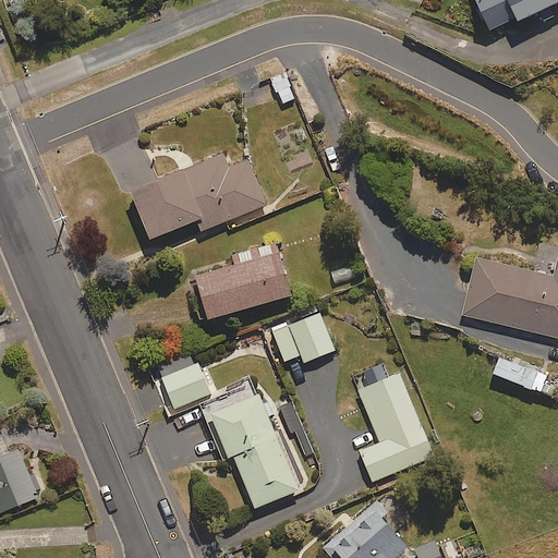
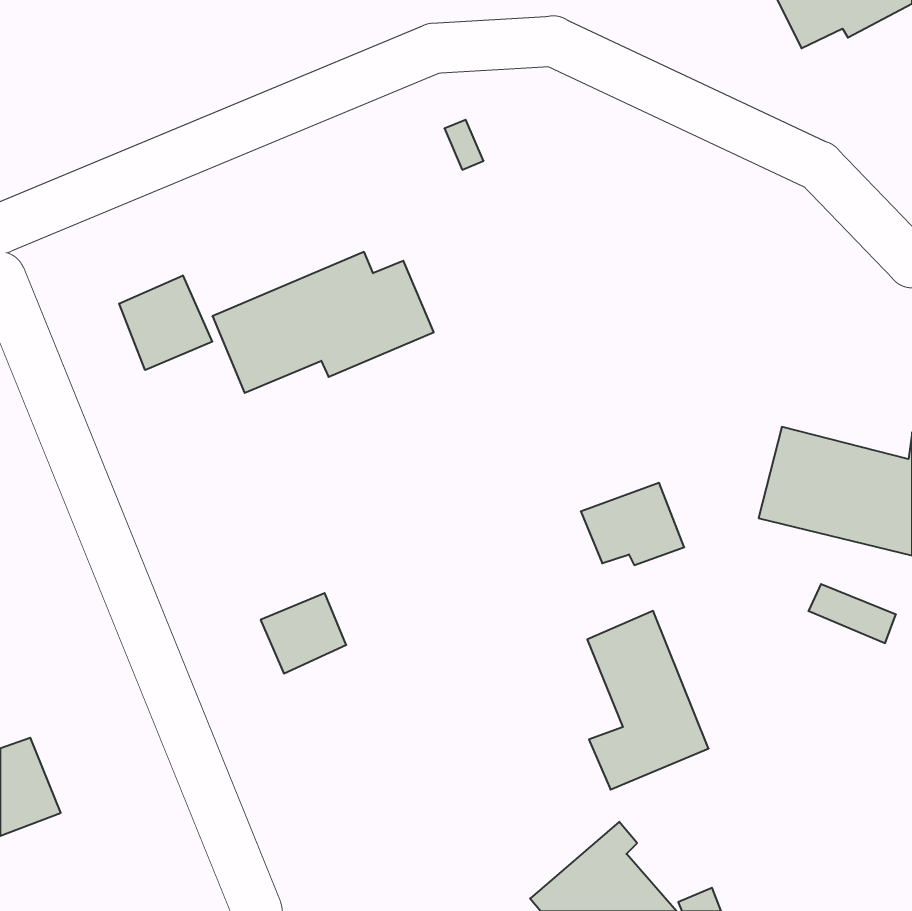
building: none -> [119,275,212,370]
building: [193,241,289,318] -> none
building: [271,312,335,362] -> [581,483,684,565]
building: [206,387,299,509] -> none

